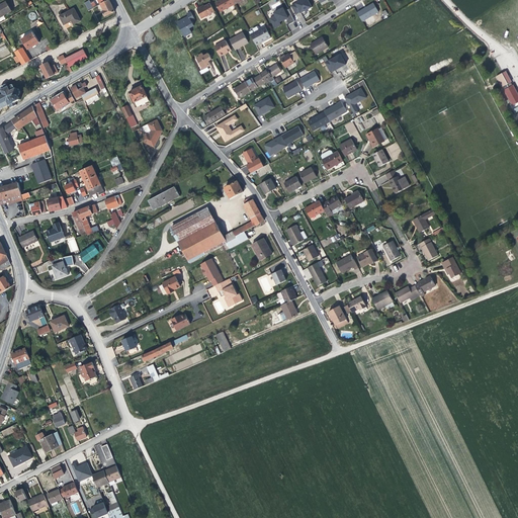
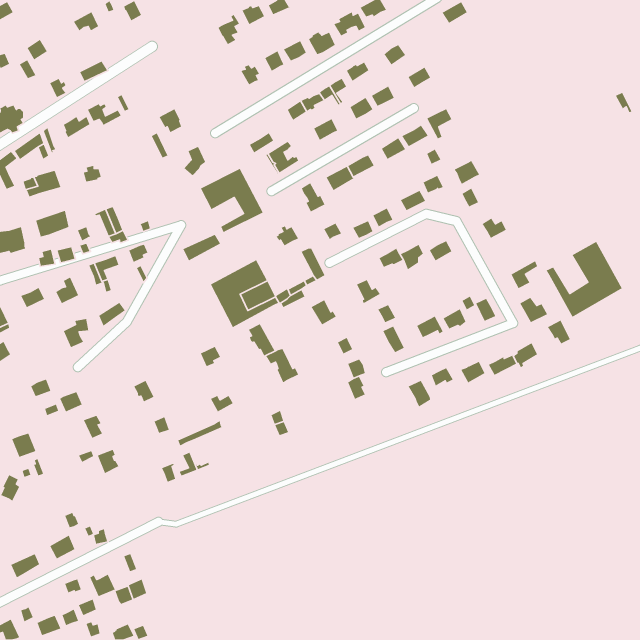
building: none -> [200,168,264,233]
building: none -> [546,241,623,318]

